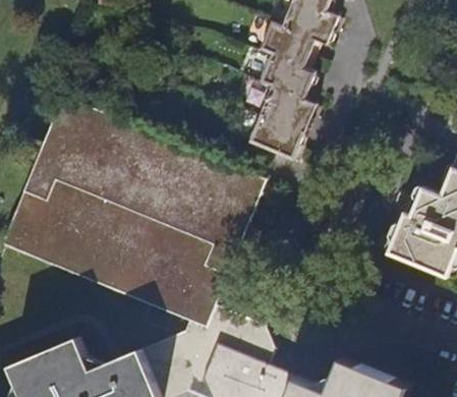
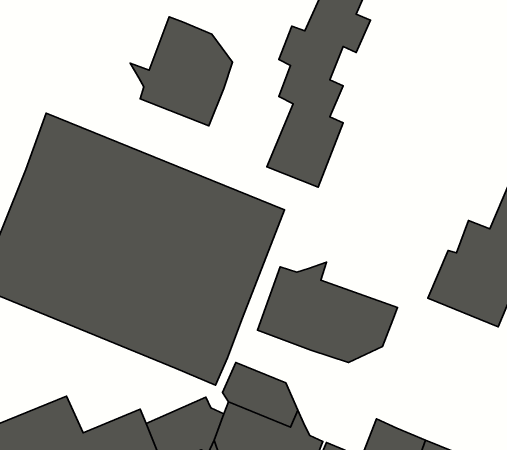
building: none -> [130,17,232,126]
building: none -> [257,262,397,363]

